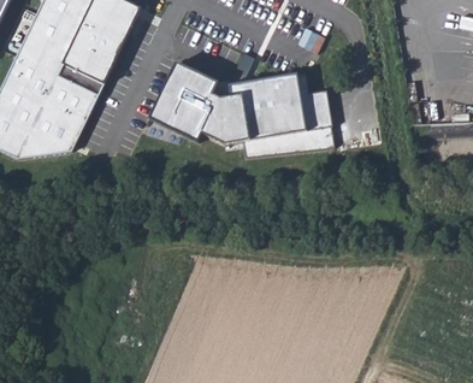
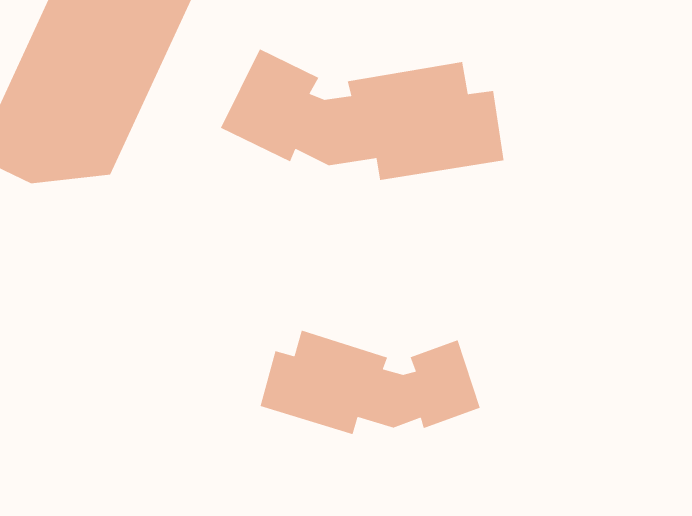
building: none -> [259,329,481,435]

